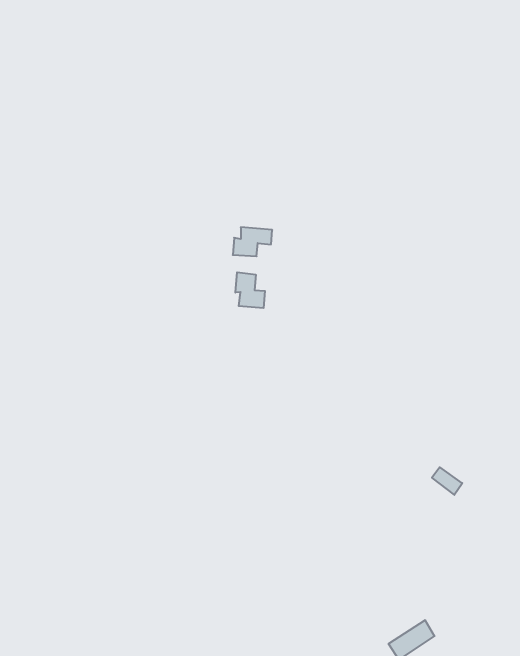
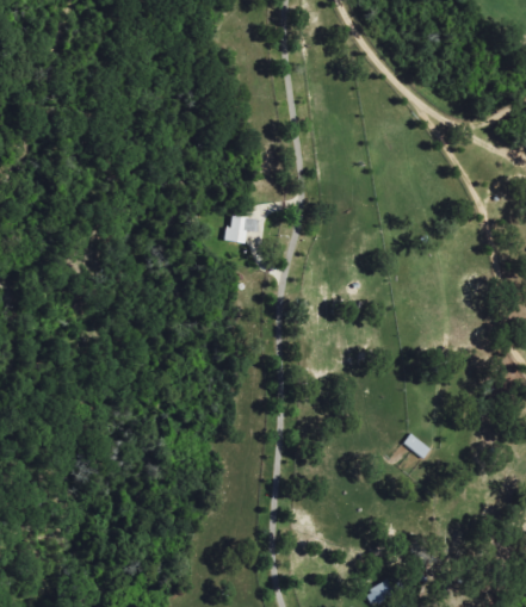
building: [235,272,265,308] -> none

